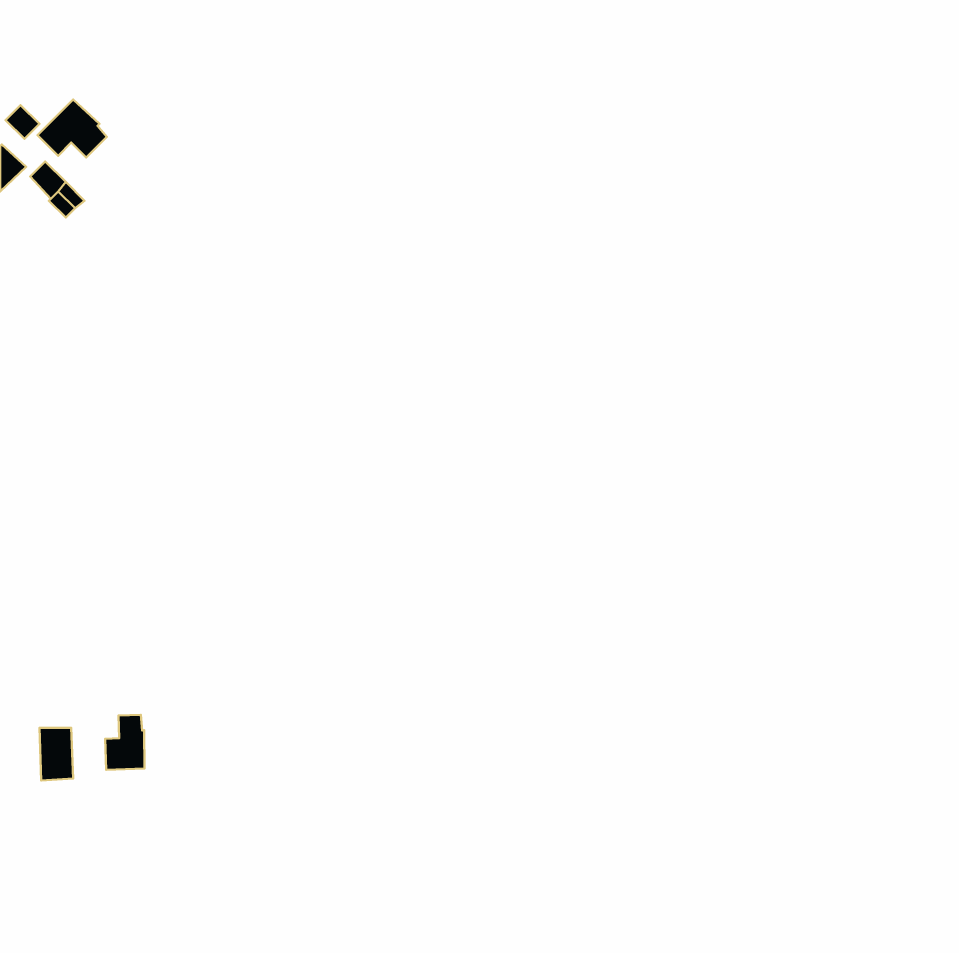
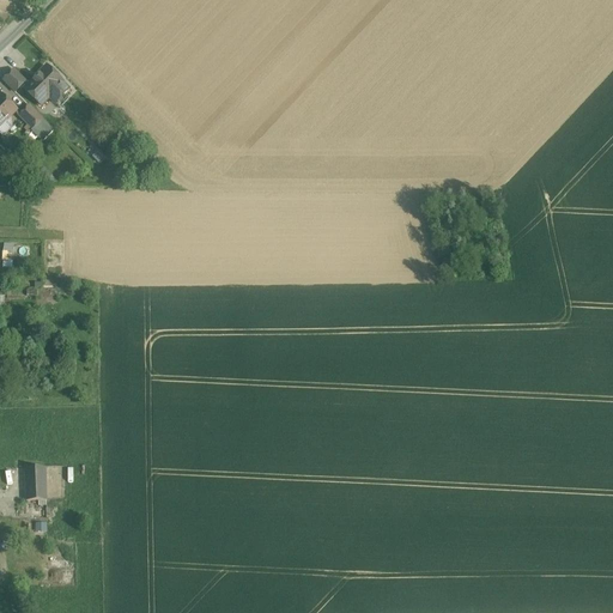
building: [105,715,145,770] -> none

